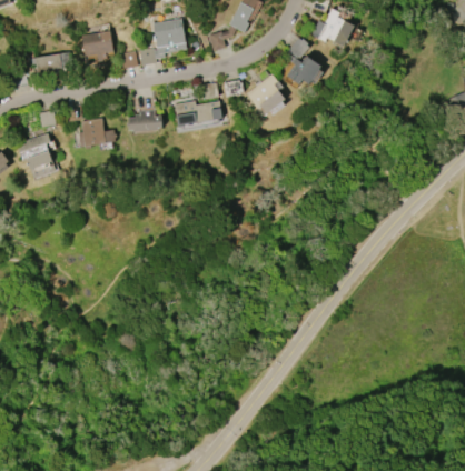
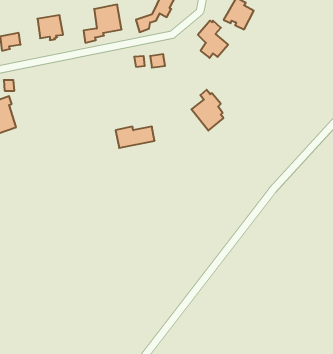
building: [246,70,286,121] -> [191,90,223,131]
building: [175,100,224,127] -> [116,127,155,148]
building: [128,110,164,132] -> none
building: [79,118,107,147] -> none

